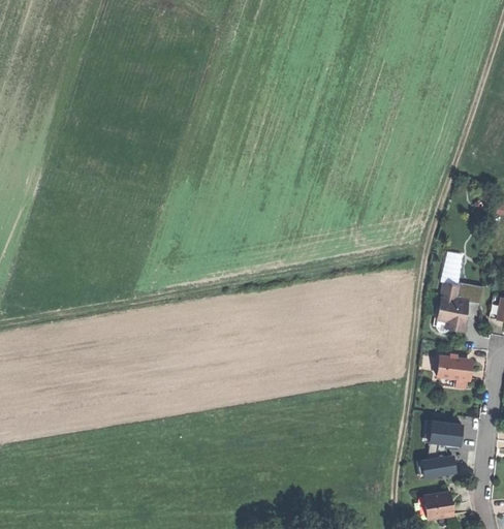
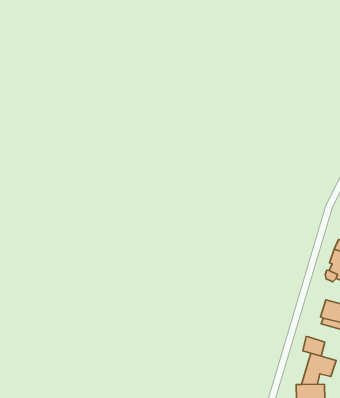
building: none -> [303,337,325,356]

